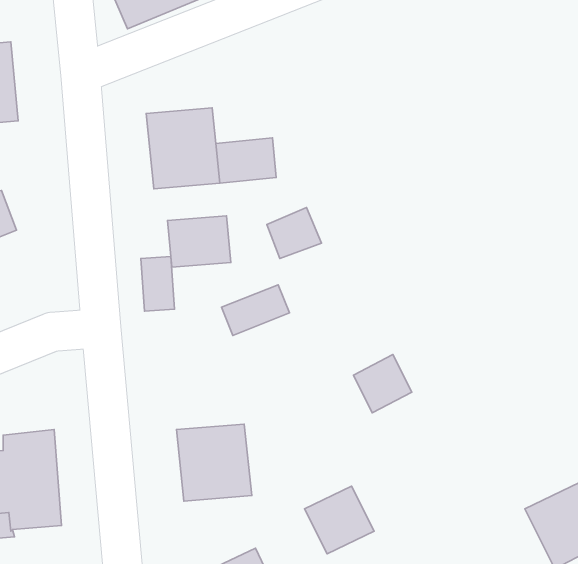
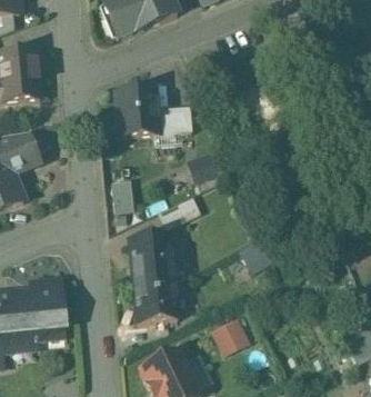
building: [167,216,231,267] -> none
building: none -> [130,234,173,279]

